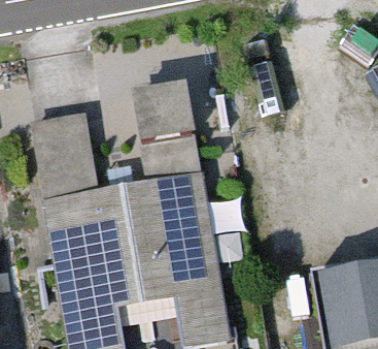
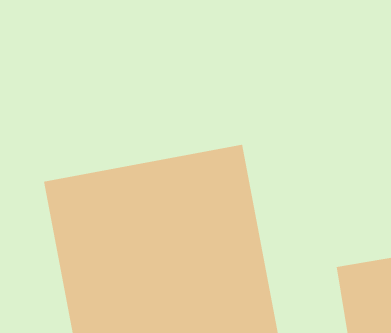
building: [126,78,195,171] -> none
building: [22,106,89,190] -> none

